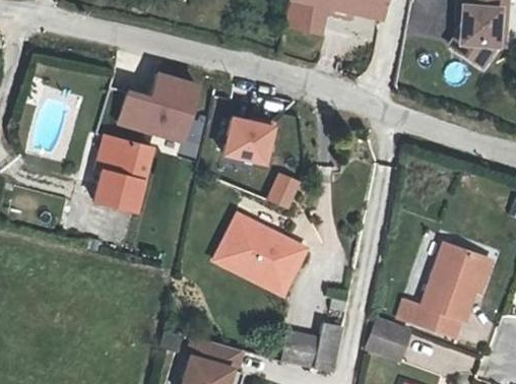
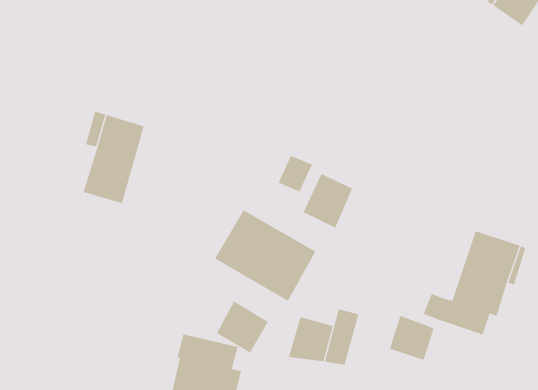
building: [121,76,200,142] -> none
building: [225,119,277,167] -> none
building: none -> [303,173,353,229]
building: none -> [216,301,269,354]

